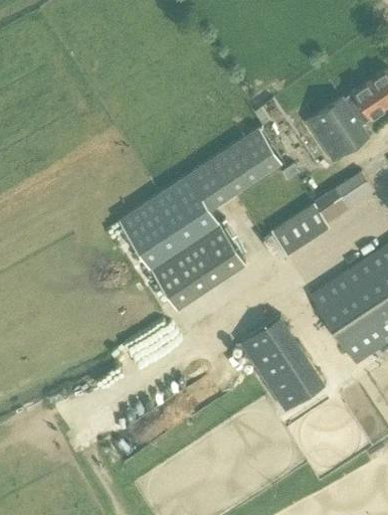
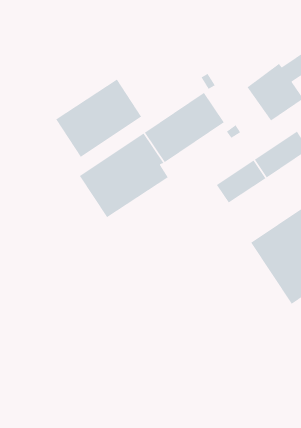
building: none -> [55,78,142,158]
building: [150,224,245,310] -> none
building: [240,318,327,412] -> none

